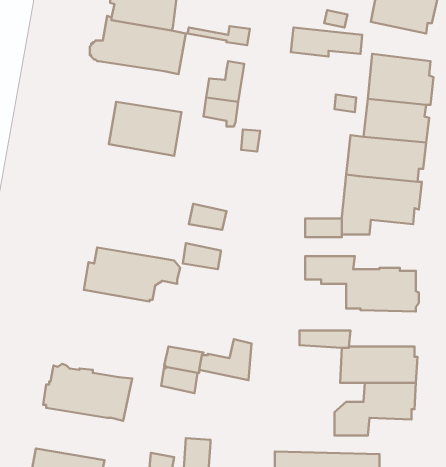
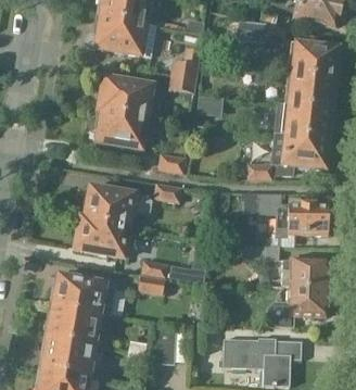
building: none -> [96,109,148,149]
building: none -> [75,217,129,257]
building: none -> [44,305,101,344]

